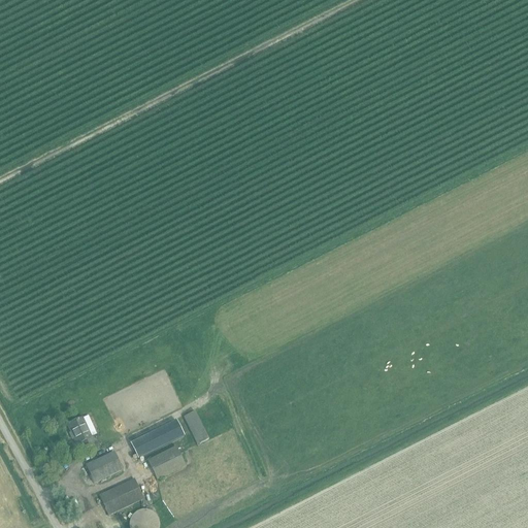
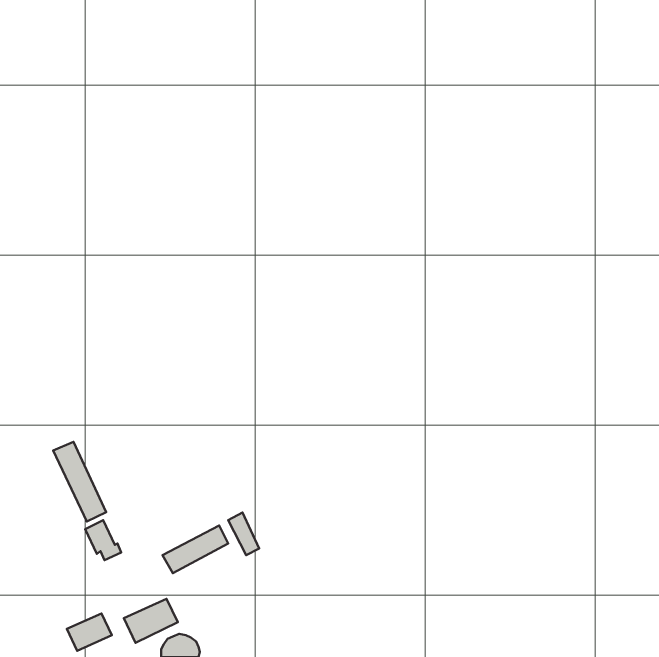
building: none -> [53,442,106,522]
building: [146,446,184,477] -> none
building: [86,452,122,482] -> [67,613,112,651]

